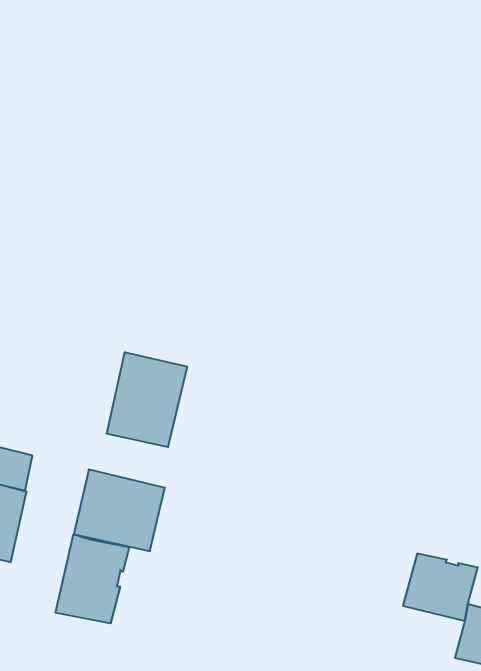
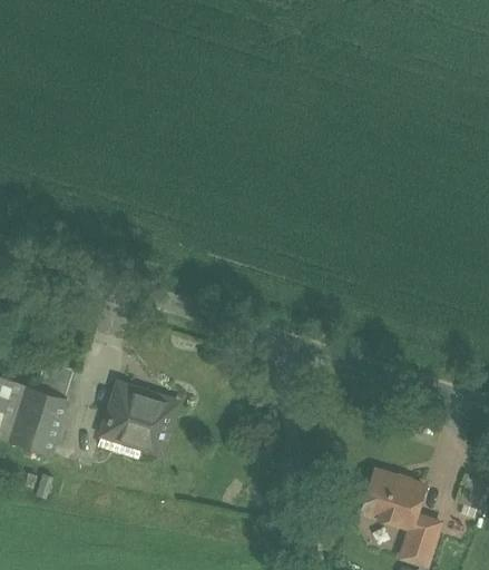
building: [107,352,187,447] -> none
building: [56,534,129,623] -> none

